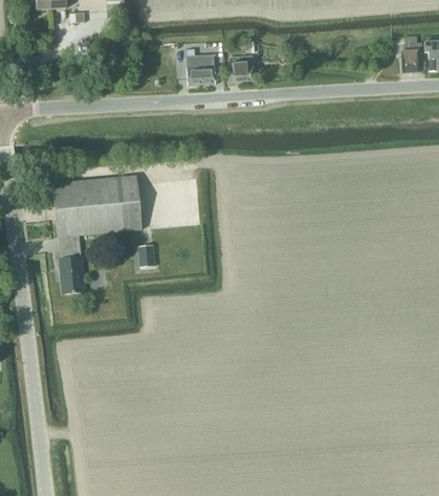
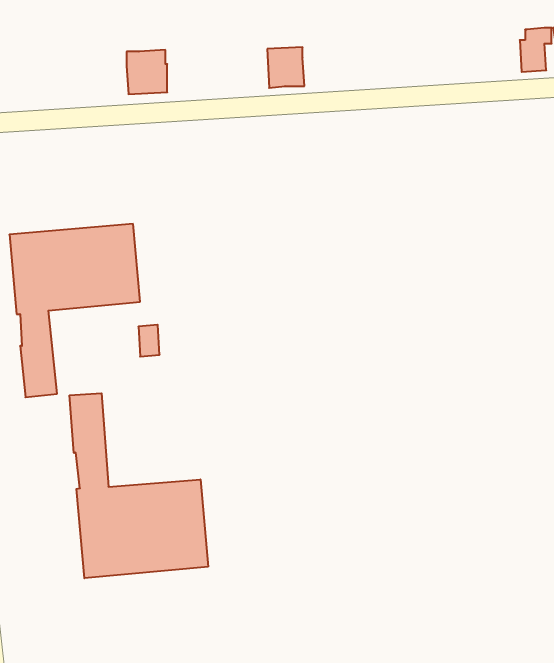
building: [186,55,213,85] -> [127,50,167,94]
building: none -> [70,393,208,578]

